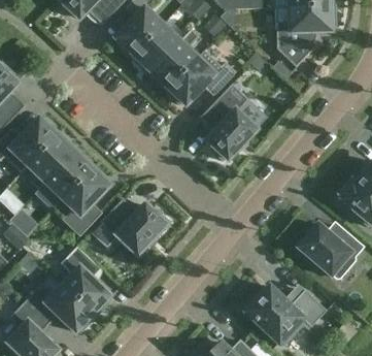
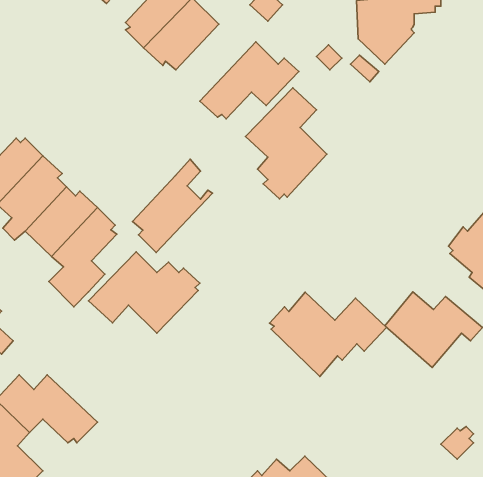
building: [150,27,206,92] -> [132,159,212,252]
building: [61,246,109,316] -> none
building: [244,285,326,344] -> [270,292,386,376]

